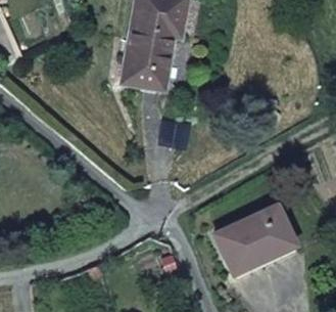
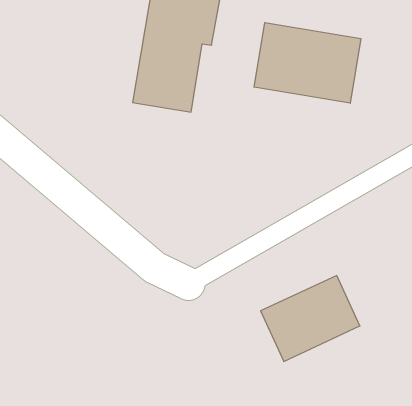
building: none -> [254,23,361,103]

